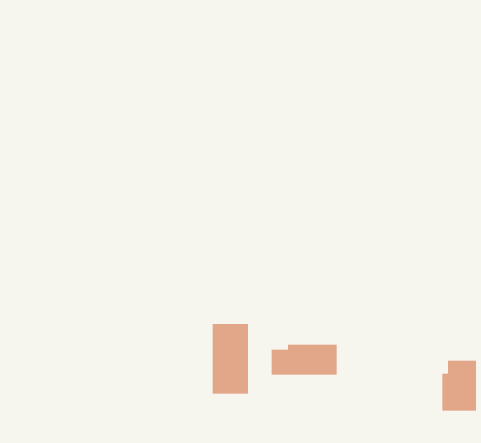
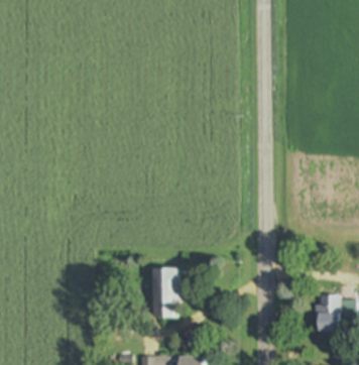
building: [271,344,337,375] -> none

